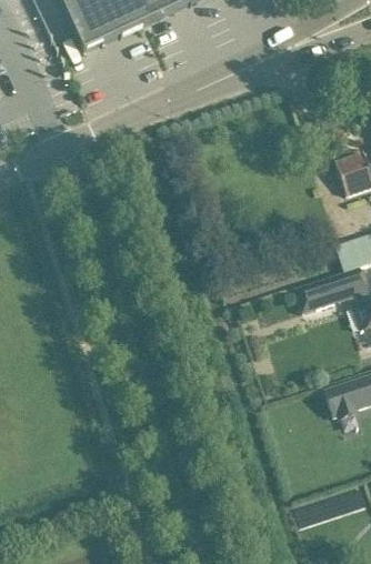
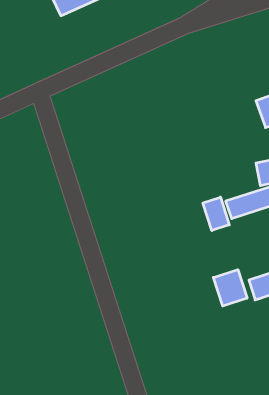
building: none -> [203,197,229,231]
building: none -> [213,270,247,306]

